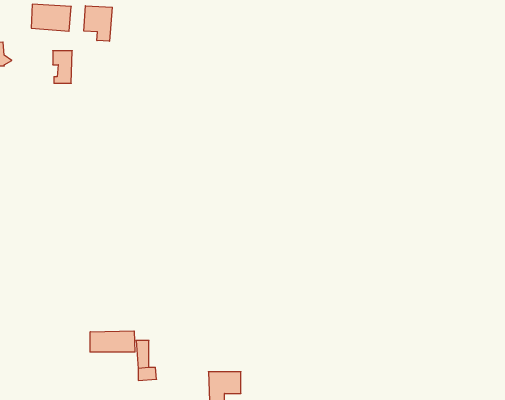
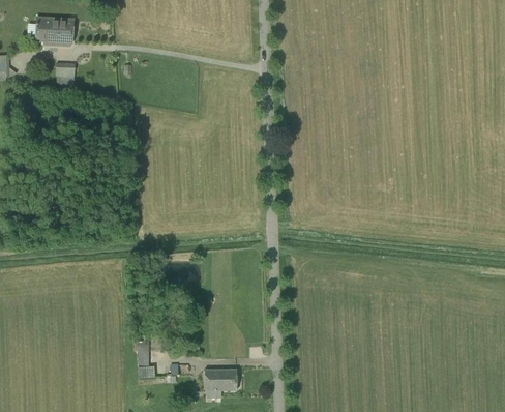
building: [84,6,112,41] -> none
building: [90,331,135,352] -> none

